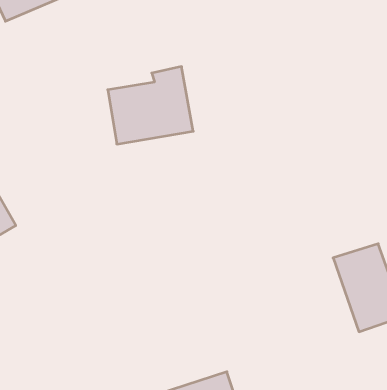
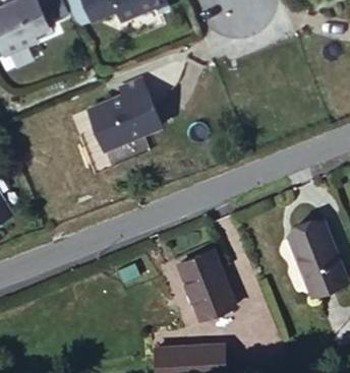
building: none -> [183,258,235,324]

